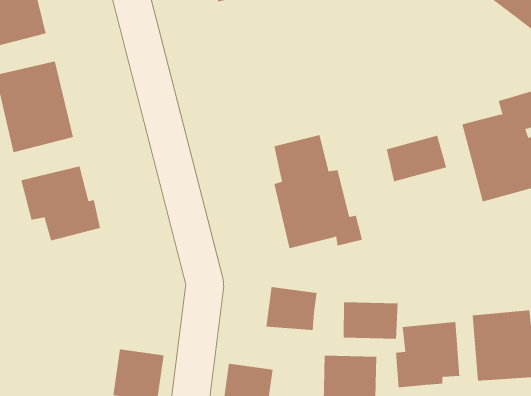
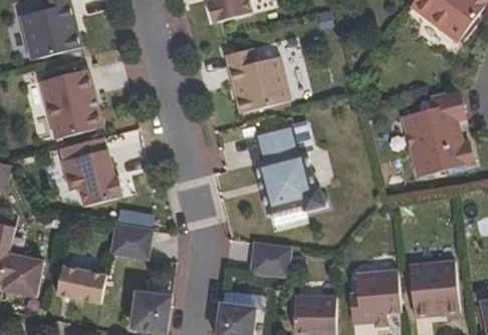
building: none -> [226,47,291,112]
building: [386,135,447,182] -> none
building: none -> [110,224,151,258]
building: [343,302,398,339] -> none
building: none -> [56,265,106,303]

